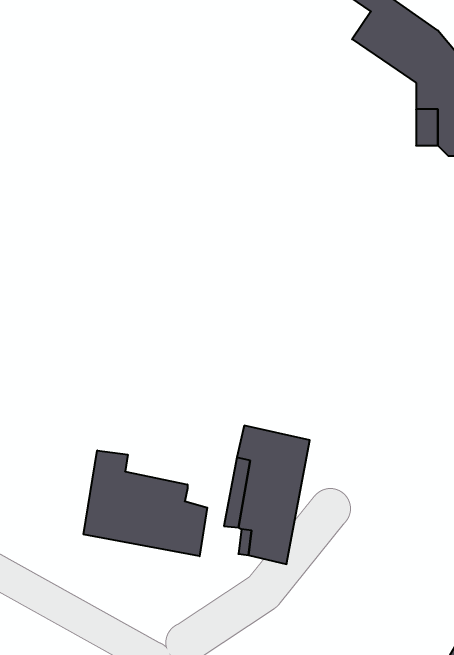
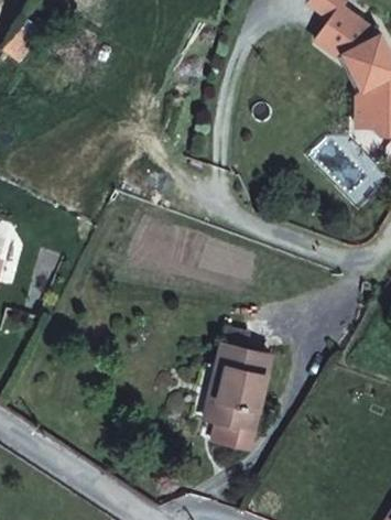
building: [84,450,207,556] -> none

